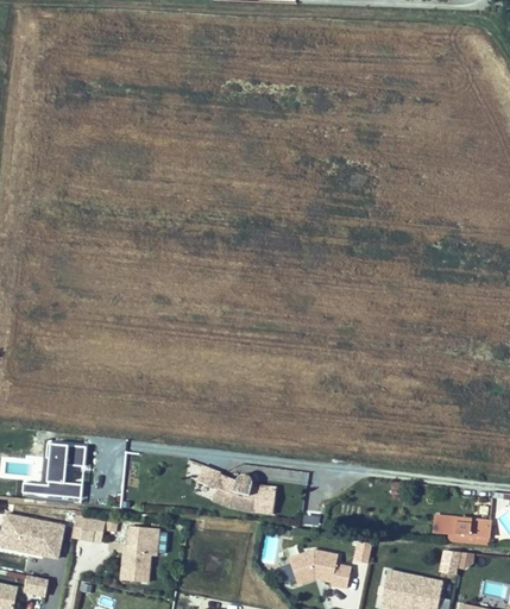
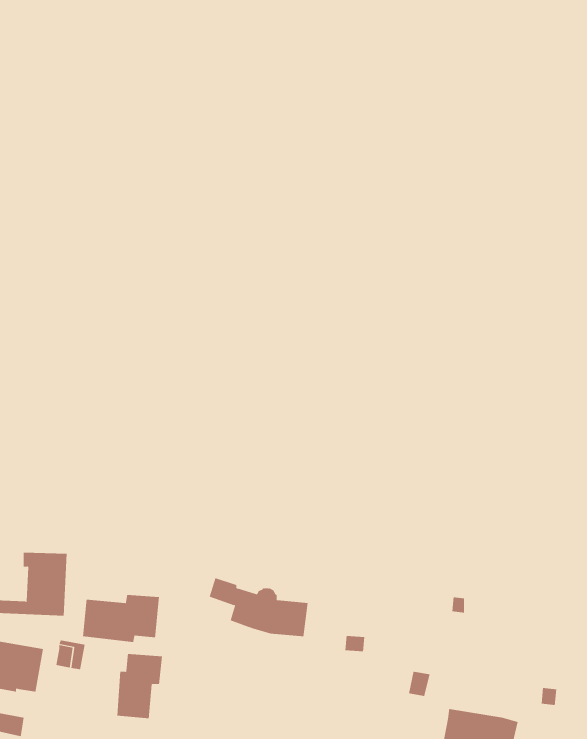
building: none -> [83,594,159,643]
building: [433,515,491,544] -> none
building: [285,550,348,586] -> none

